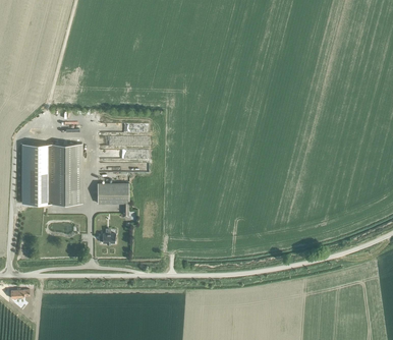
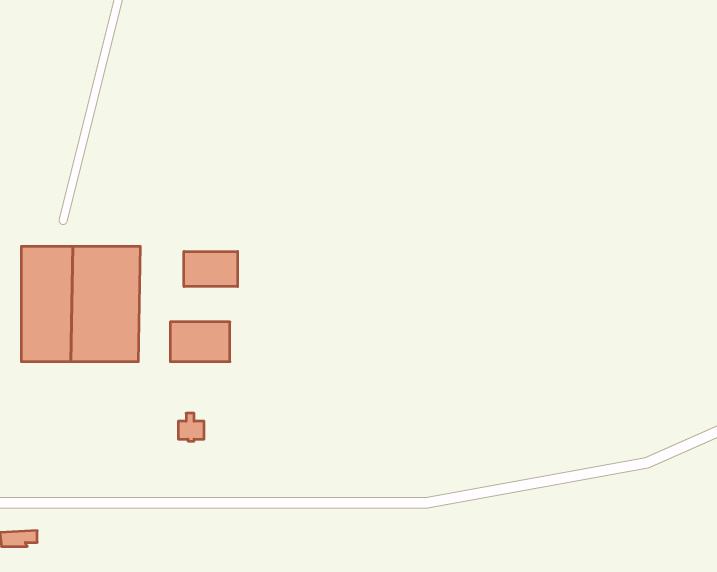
building: none -> [184,251,238,287]

